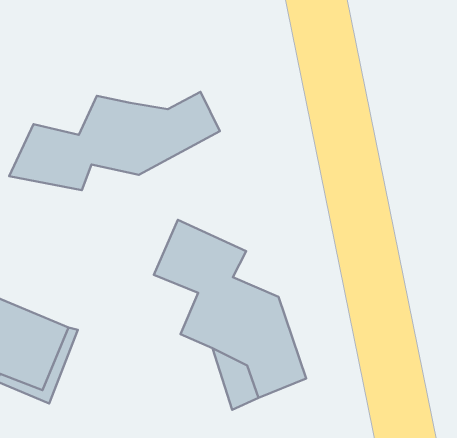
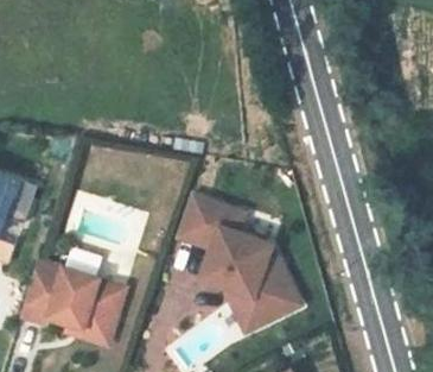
building: [9,92,220,190] -> none

